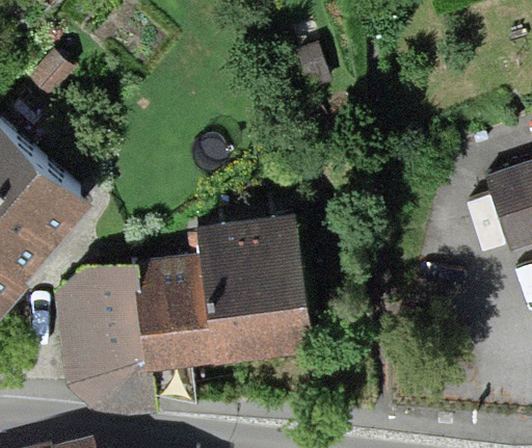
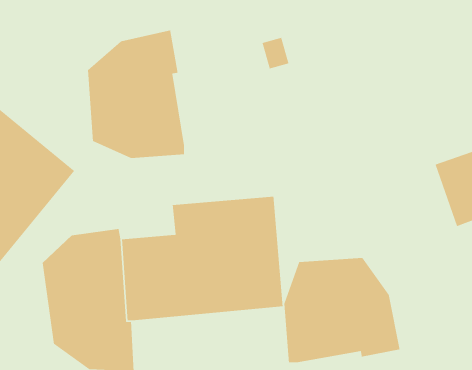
building: none -> [87,30,185,159]
building: none -> [283,257,400,363]

